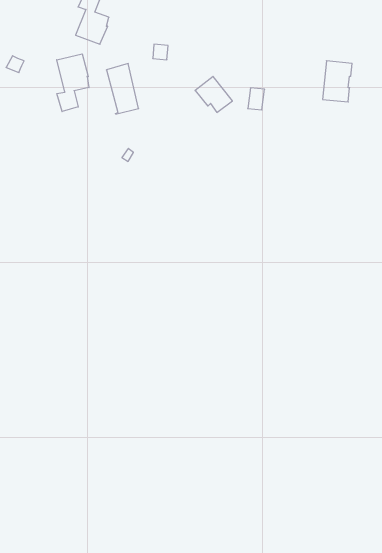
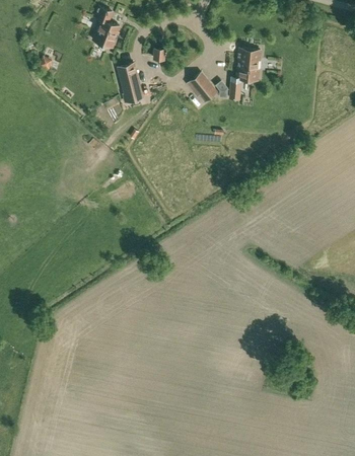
building: [57,54,89,112] -> none
building: [323,61,352,102] -> [237,49,261,81]

